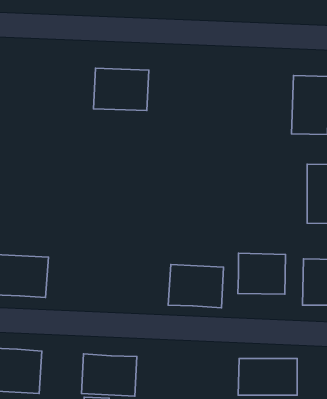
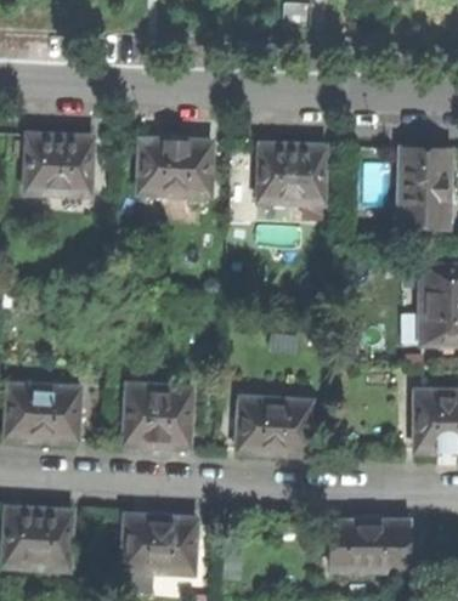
building: none -> [24,134,92,194]
building: none -> [259,143,324,203]
building: [238,253,286,294] -> none
building: none -> [124,384,192,447]

